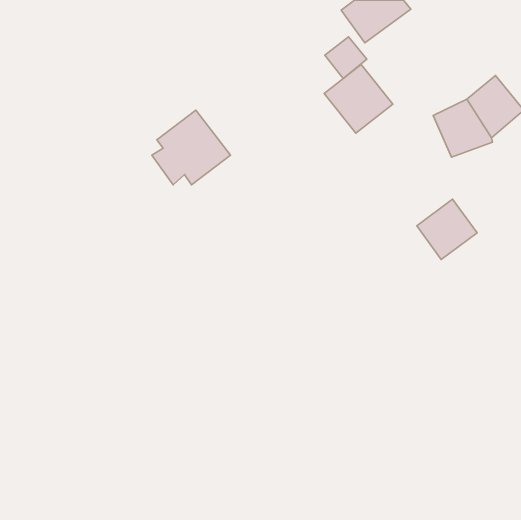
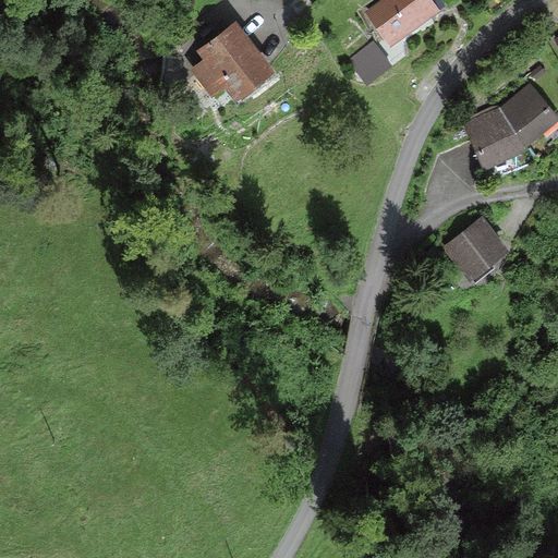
building: [324,65,393,133] -> none
building: [152,110,230,185] -> [190,19,274,98]

